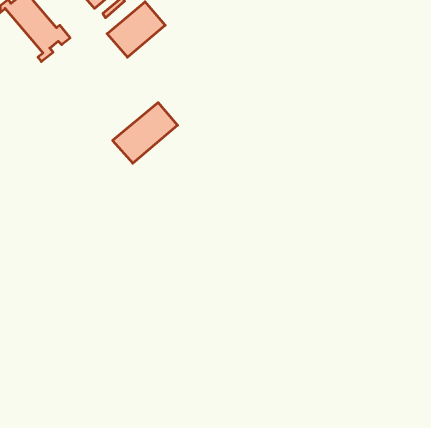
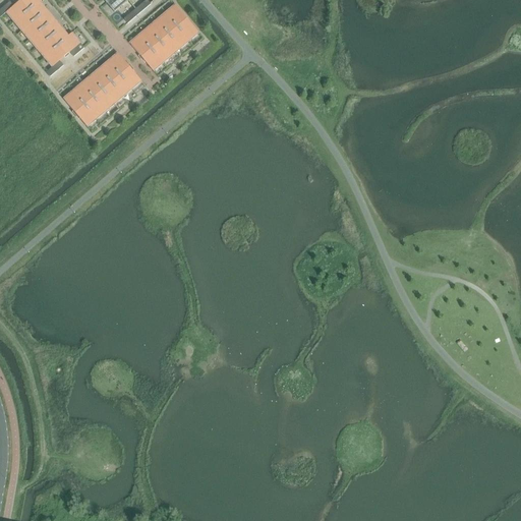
building: [113,103,178,163] -> [63,51,141,124]

